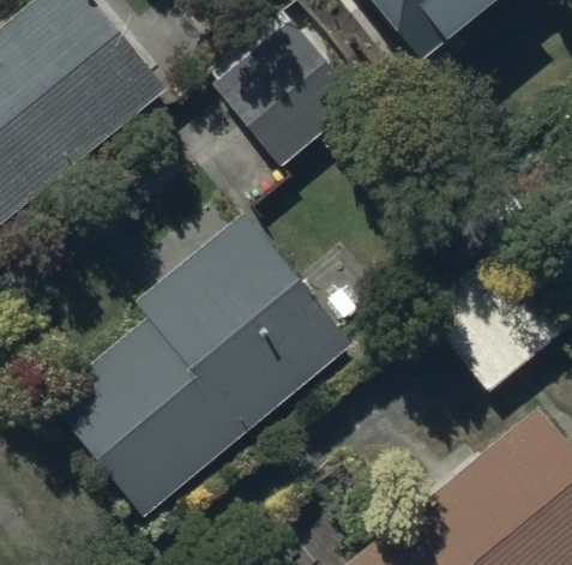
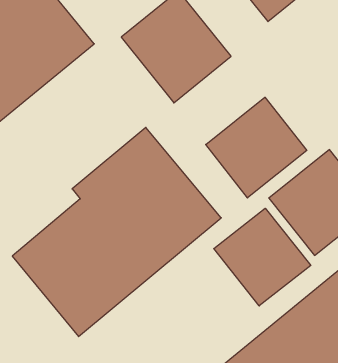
building: none -> [206,97,307,198]
building: none -> [214,208,311,306]

